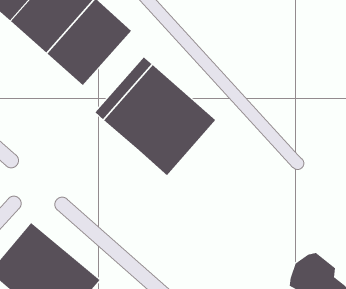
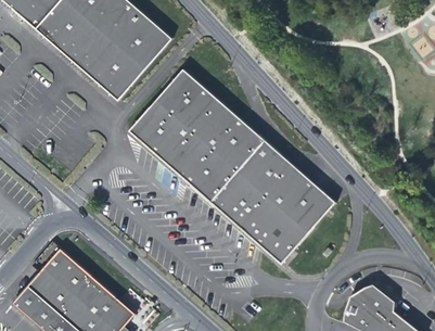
building: none -> [209,137,336,263]

